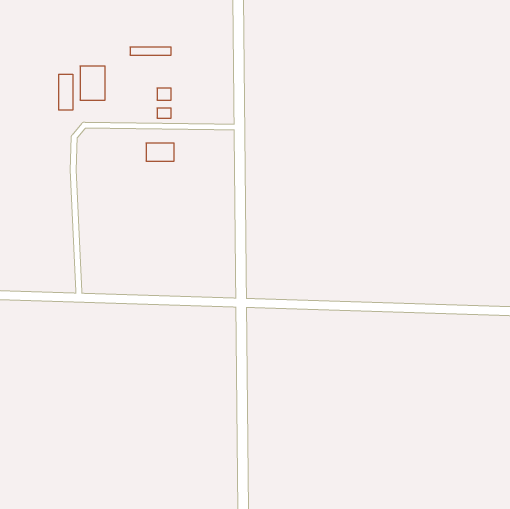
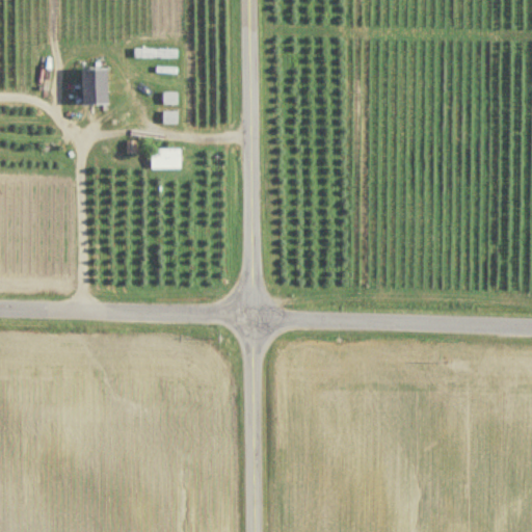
building: [59,74,73,110] -> none

